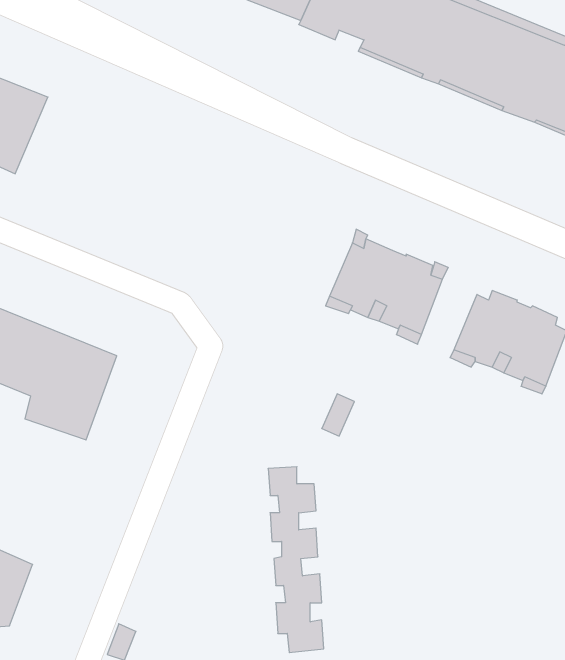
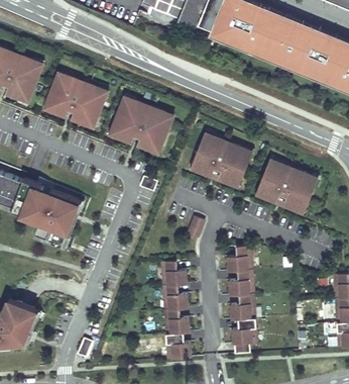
building: none -> [41,68,107,126]
building: none -> [107,93,173,153]
building: none -> [226,244,255,352]

